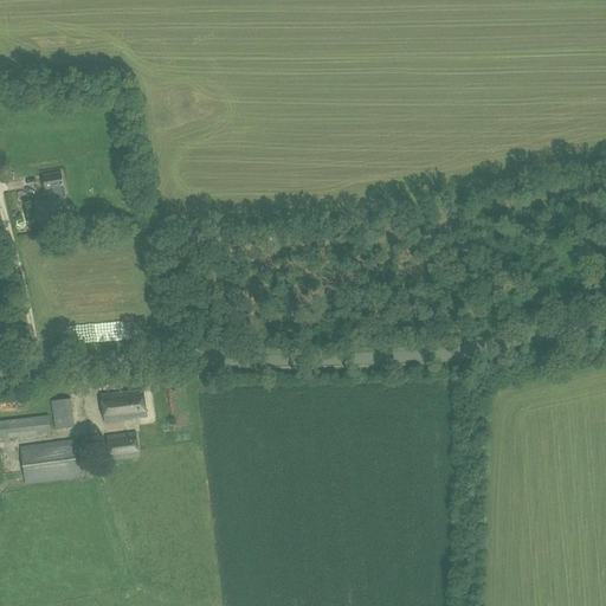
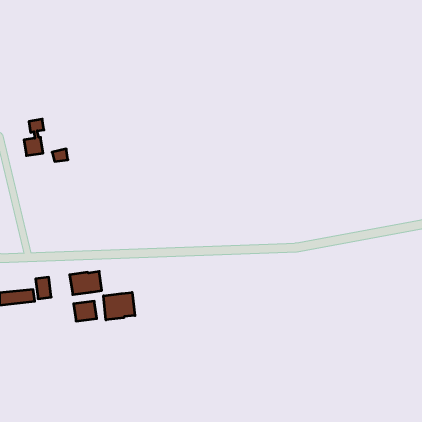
building: none -> [104,292,135,320]
building: [20,439,79,482] -> none

